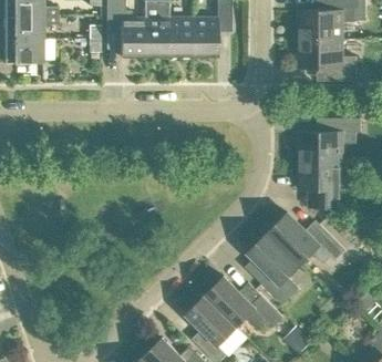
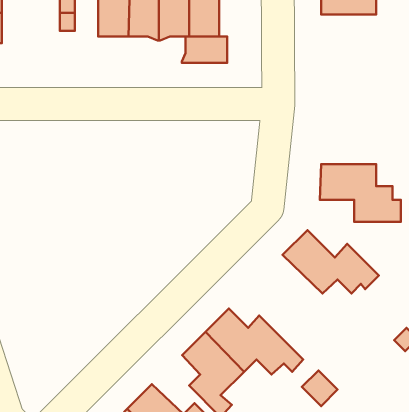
building: [298,39,355,81] -> none
building: none -> [182,36,227,63]
building: [298,117,360,159] -> none
building: [248,232,299,303] -> none

